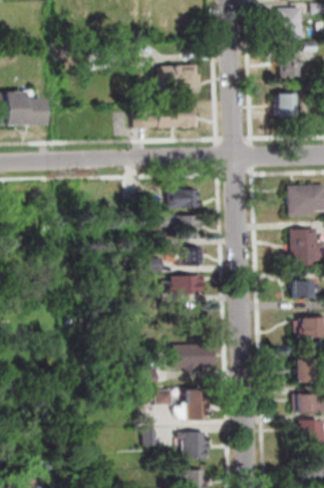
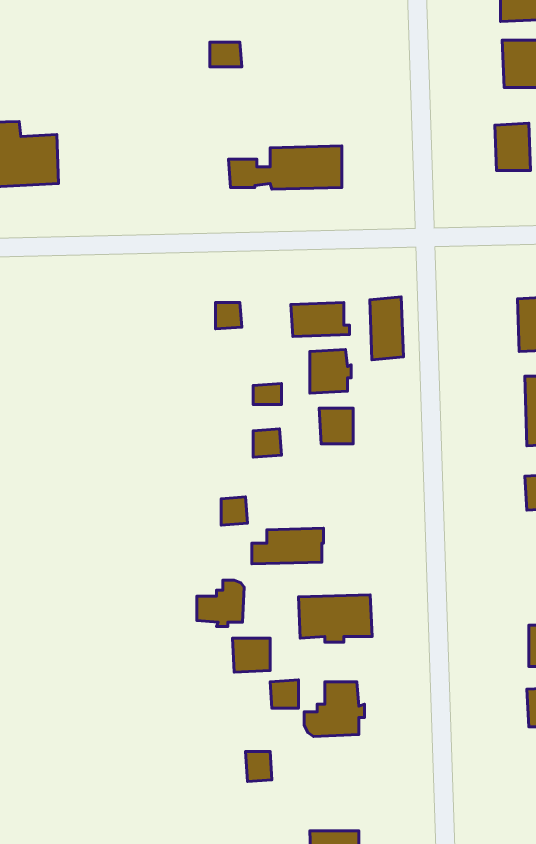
building: [160,66,200,89] -> none
building: none -> [370,297,403,360]
building: [163,273,201,292] -> [252,528,324,564]
building: none -> [197,580,244,626]
building: [182,431,209,457] -> none

